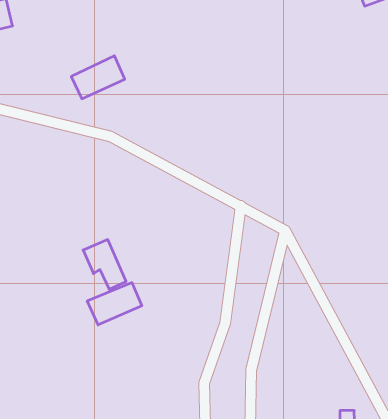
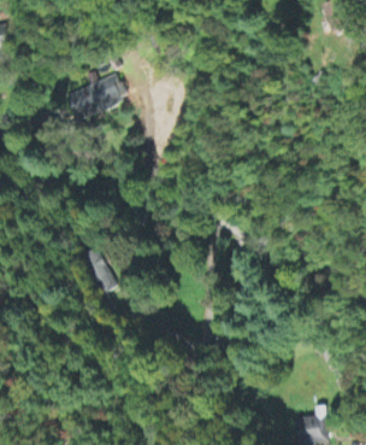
building: [87,283,142,325] -> none

